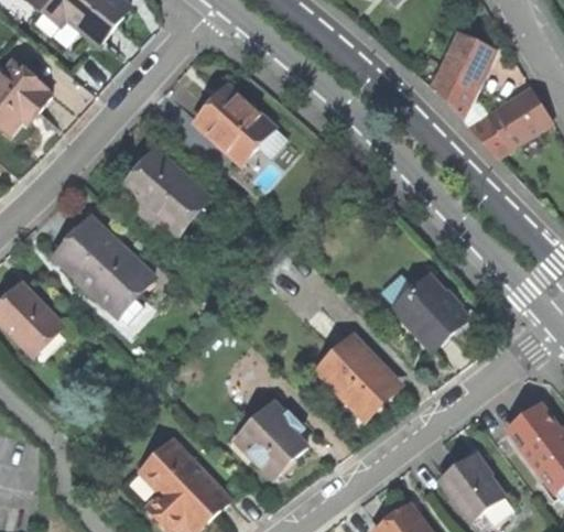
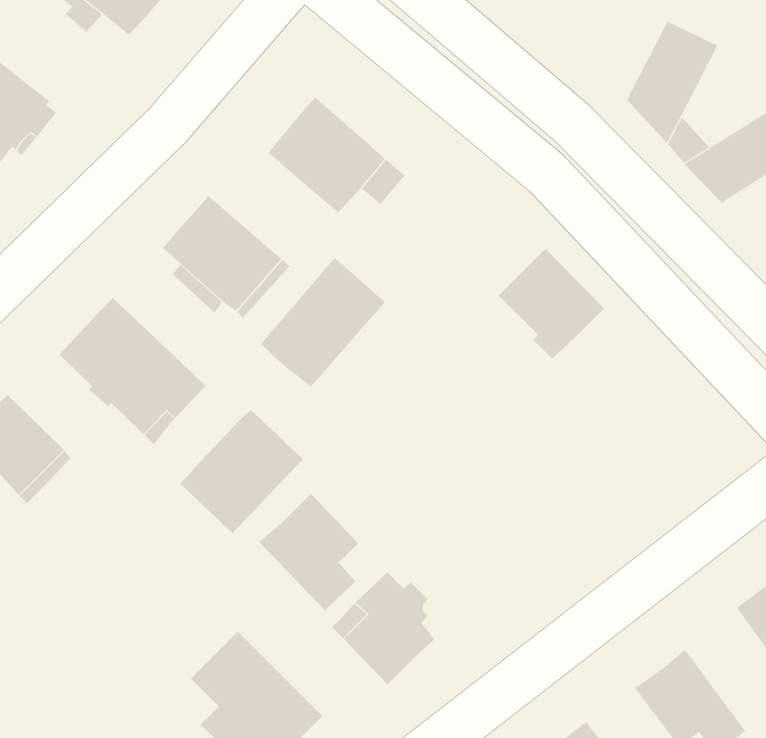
building: none -> [260,257,385,387]
building: [394,273,466,348] -> [498,248,605,360]
building: none -> [179,409,304,534]
building: [318,336,397,416] -> none
building: none -> [258,493,359,611]

